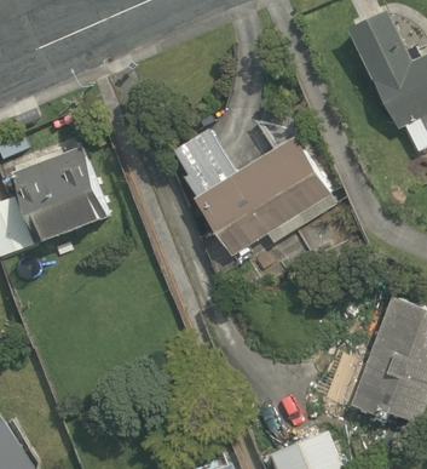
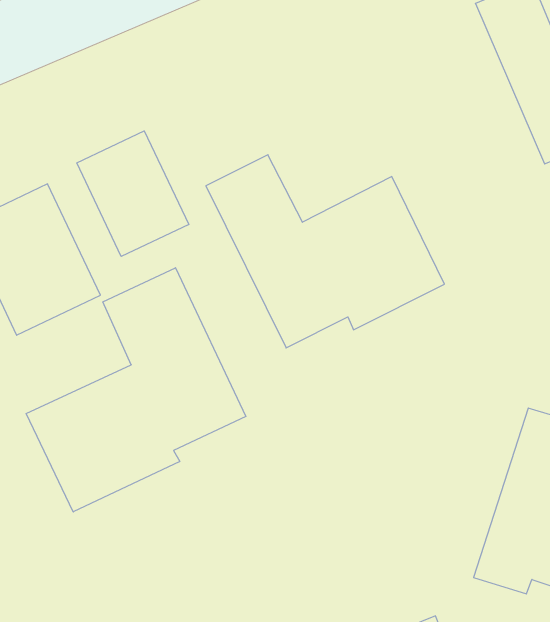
building: none -> [77,131,189,256]
building: none -> [26,268,246,512]

